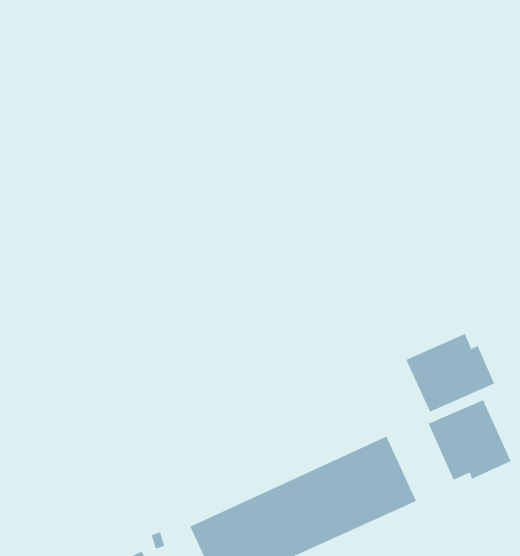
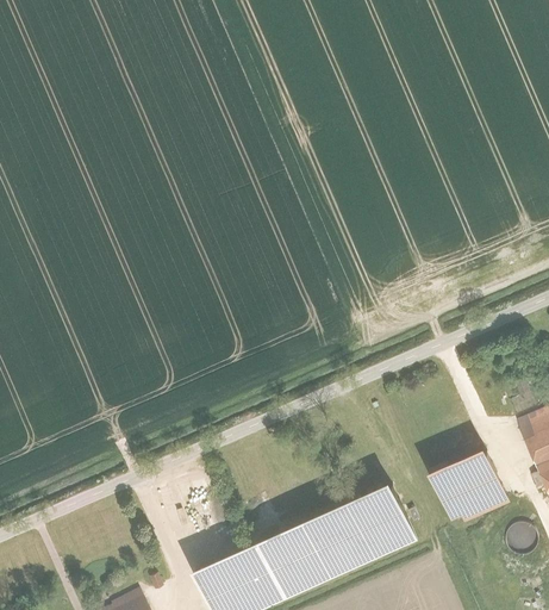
building: [406,333,495,413] -> none

